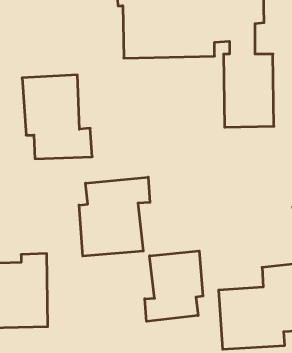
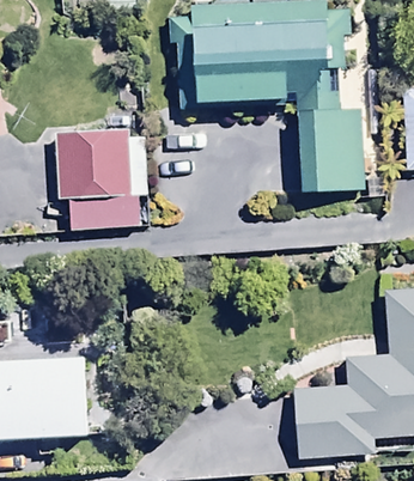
building: [79,177,150,256] -> none
building: [145,251,203,321] -> none

